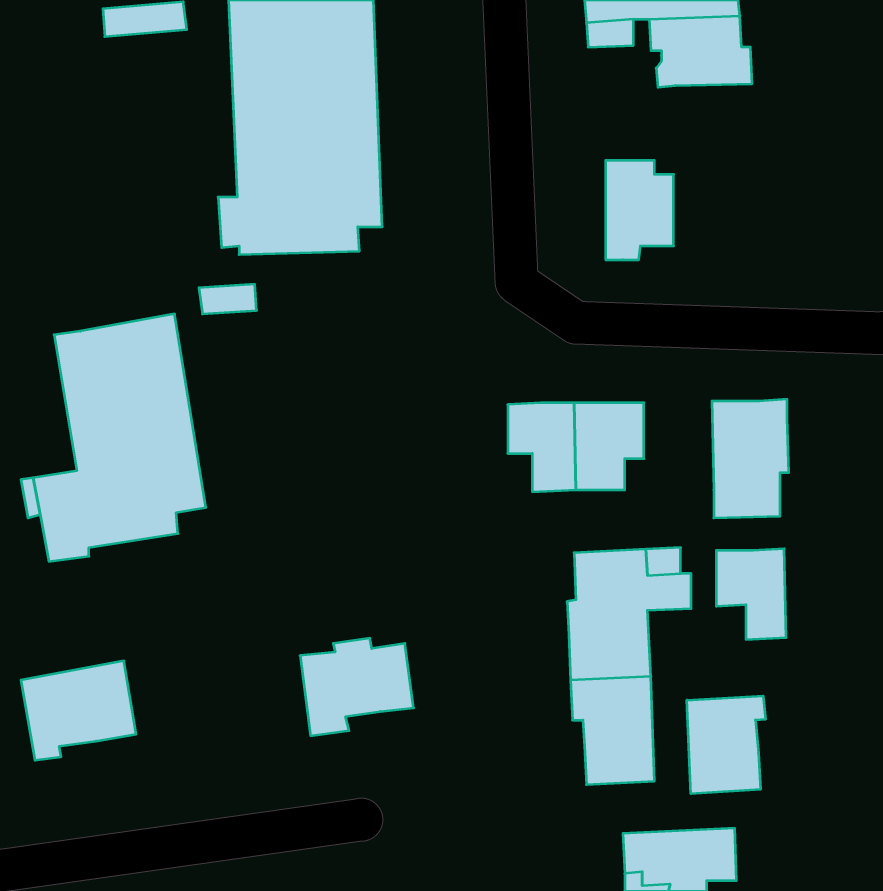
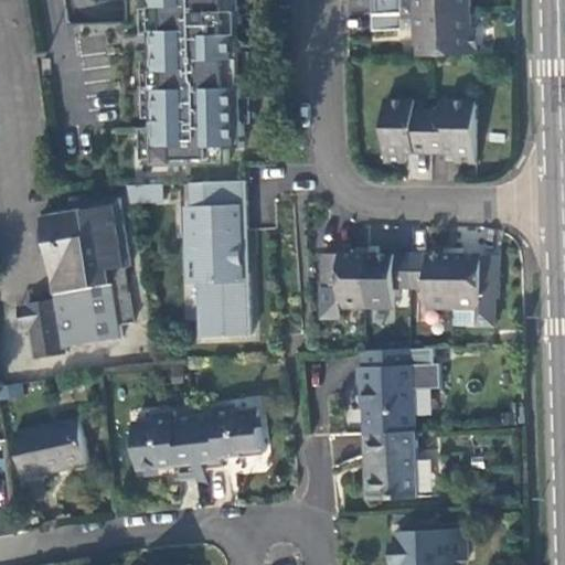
building: none -> [426,103,475,164]
building: none -> [185,175,252,338]
building: [716,549,786,639] -> [407,254,451,311]
building: none -> [129,412,198,478]
building: [687,696,765,794] -> none

